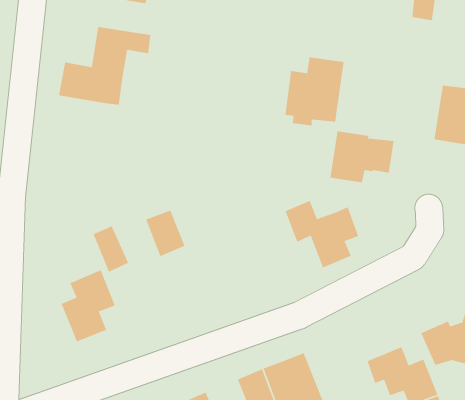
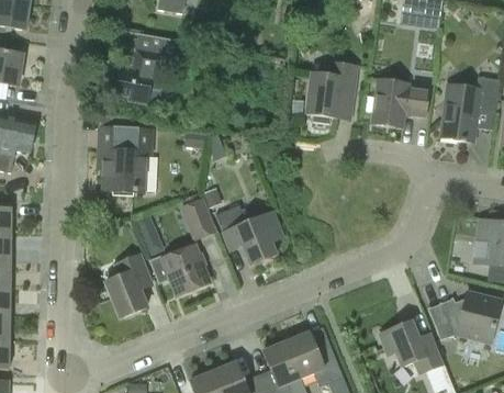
building: [330,131,394,183] -> [371,79,429,126]
building: none -> [98,127,150,192]
building: [285,200,359,268] -> [215,204,282,266]
building: none -> [148,245,208,294]

